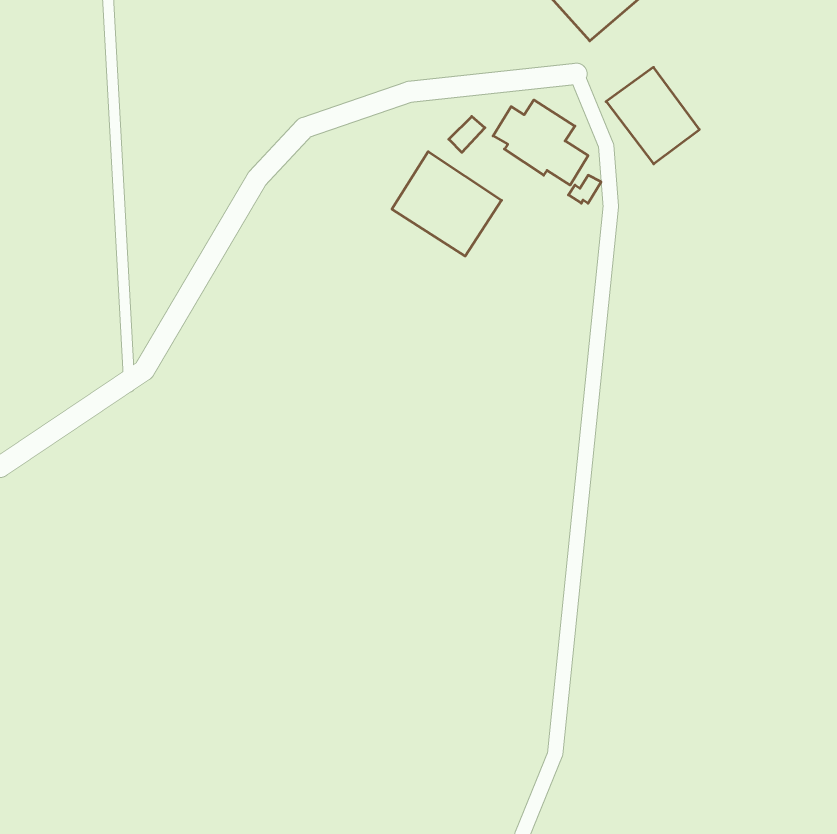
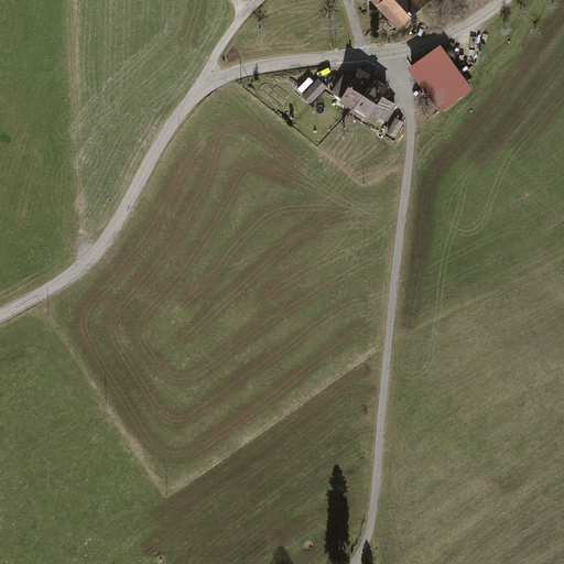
building: [392,152,502,256] -> none

